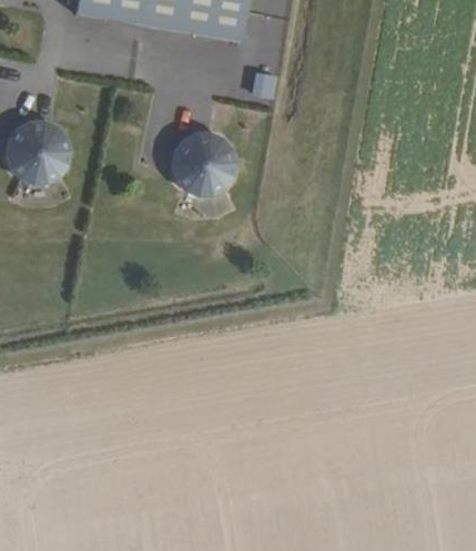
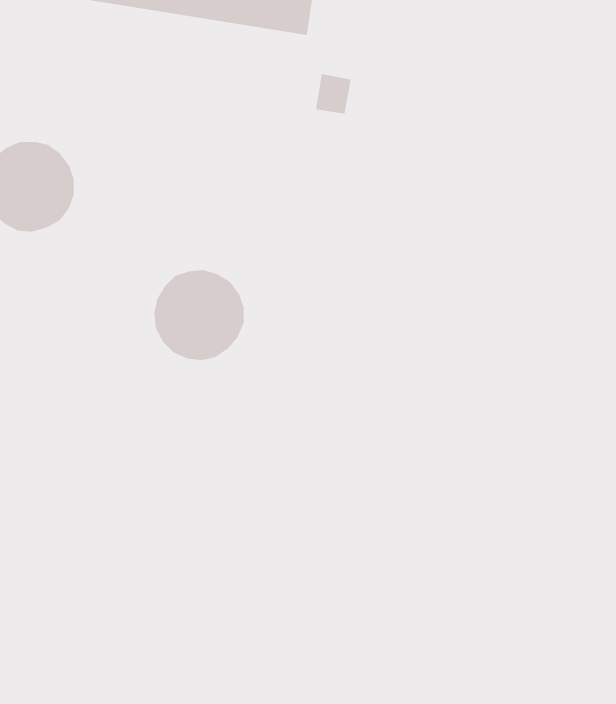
building: [169,127,235,194] -> [154,270,244,360]

